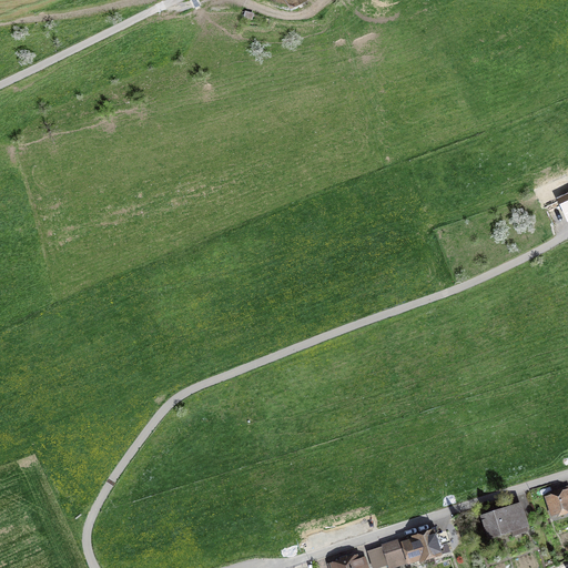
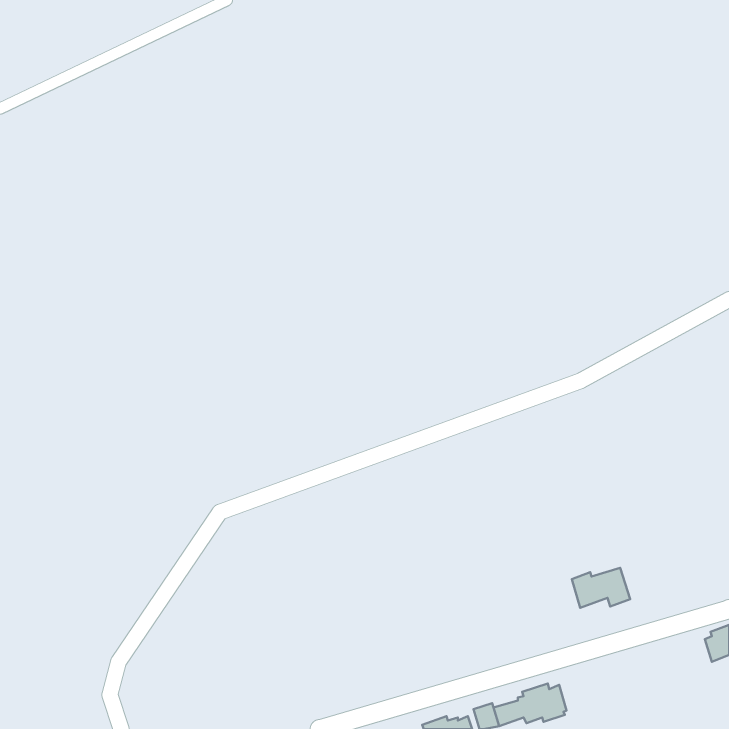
building: [483,506,528,537] -> [572,568,630,608]

